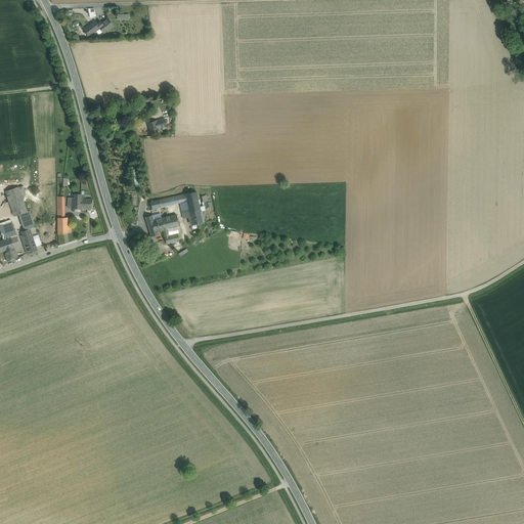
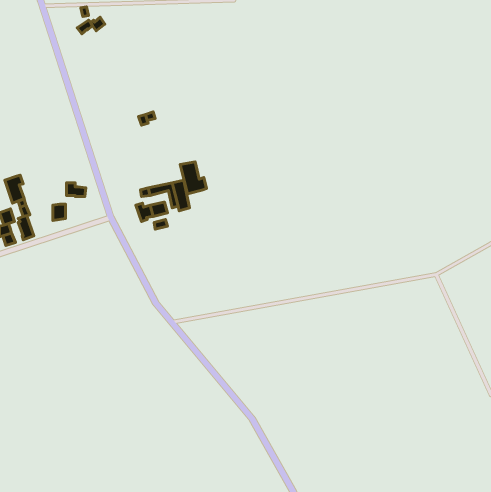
building: none -> [180,162,207,194]

